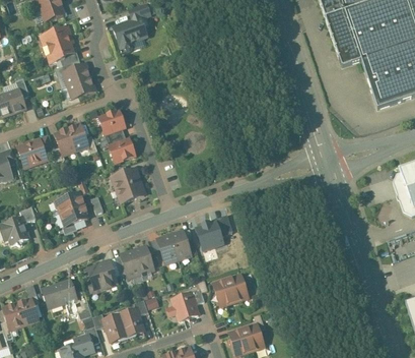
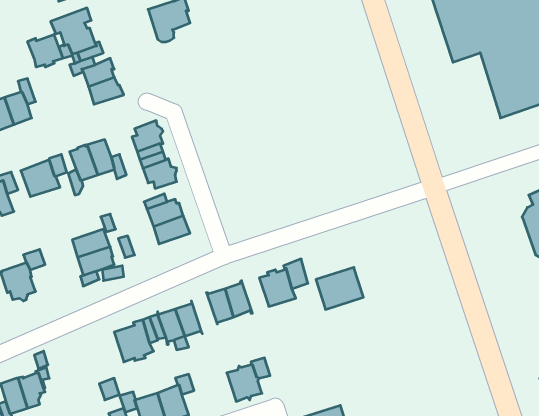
building: none -> [28,34,63,67]
building: [212,275,248,306] -> [316,267,363,309]
building: [44,280,76,307] -> none

